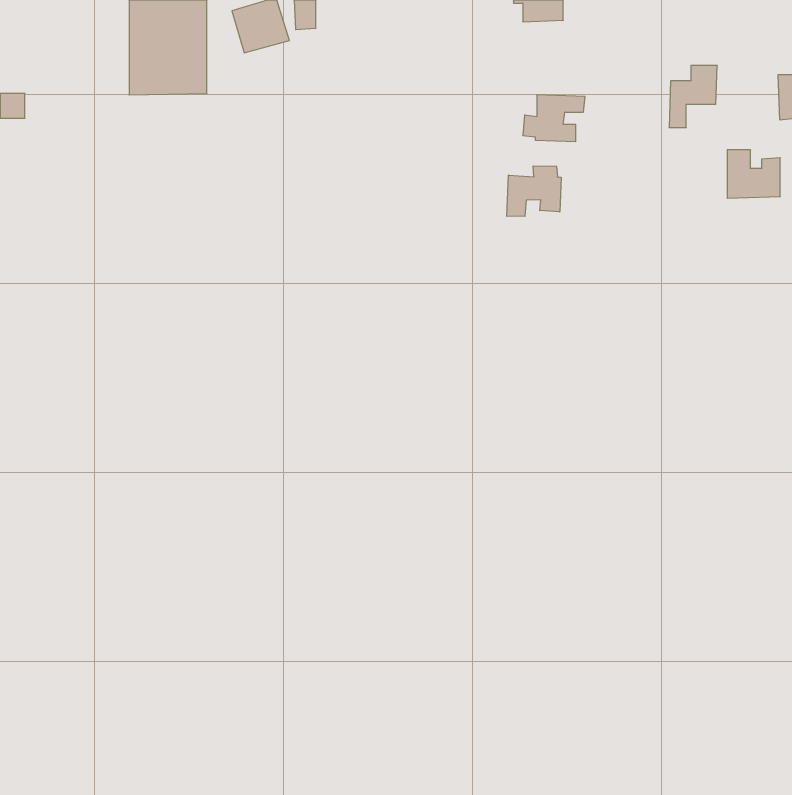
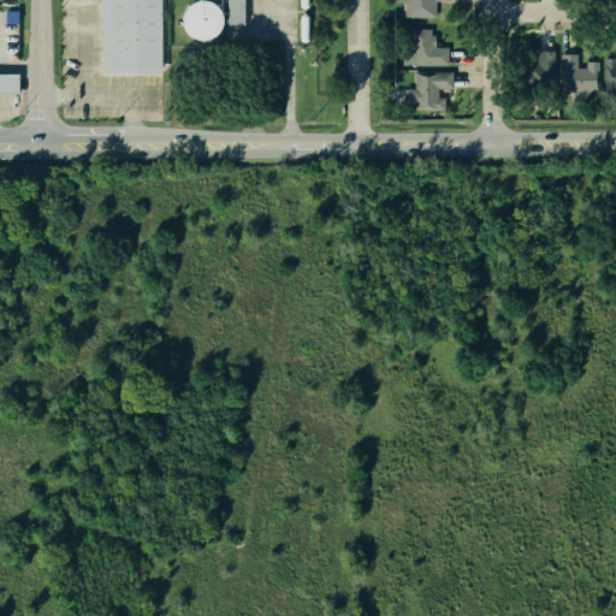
building: none -> [404,28,452,64]
building: [727,150,780,198] -> [561,53,602,90]
building: [507,166,561,216] -> none

